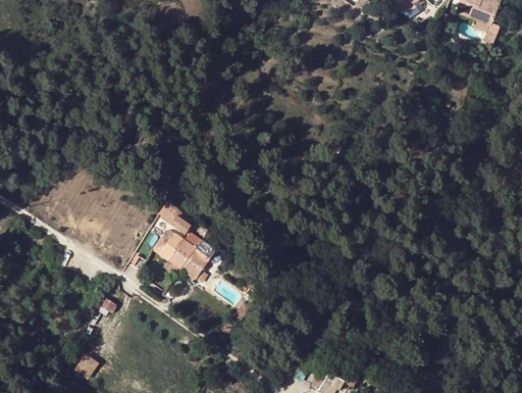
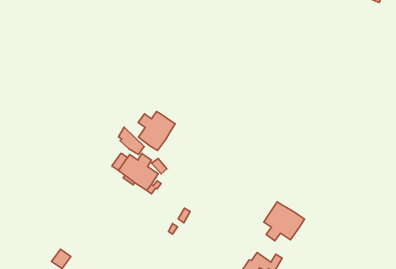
building: none -> [138,111,175,151]
building: none -> [264,202,304,241]

